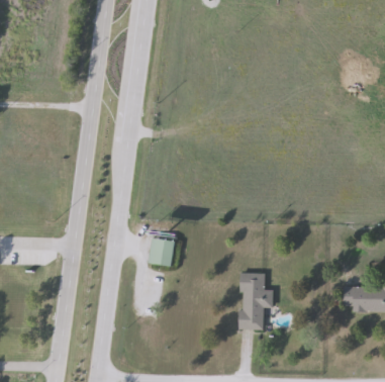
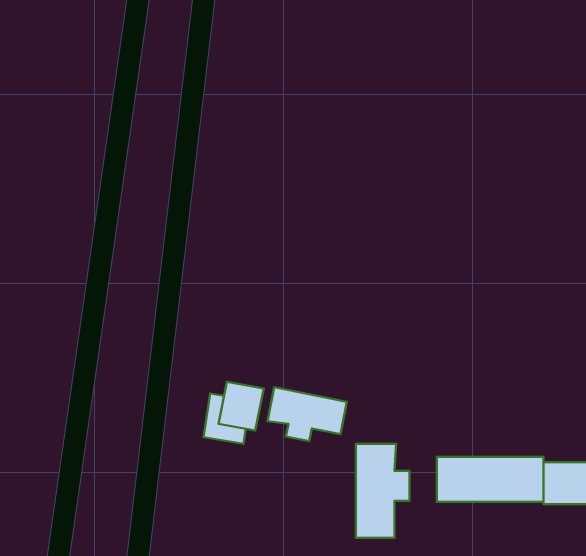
building: none -> [267,387,347,441]
building: none -> [437,457,543,502]

